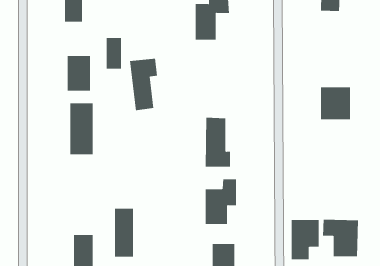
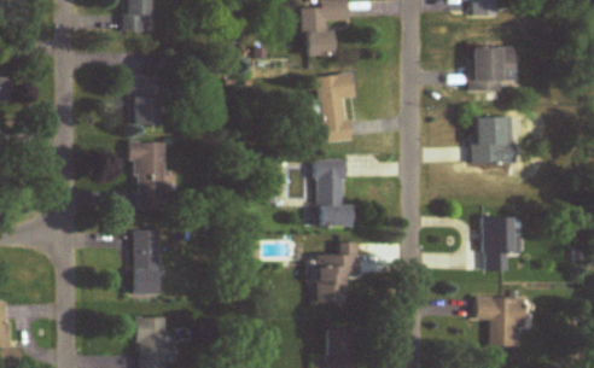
building: none -> [471,47,516,90]
building: [106,37,122,69] -> none
building: [129,58,158,111] -> [316,72,355,144]
building: [114,208,134,257] -> [134,229,161,296]
building: [291,219,319,260] -> [482,217,520,271]

